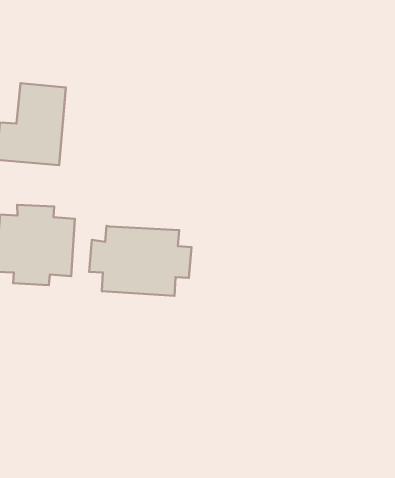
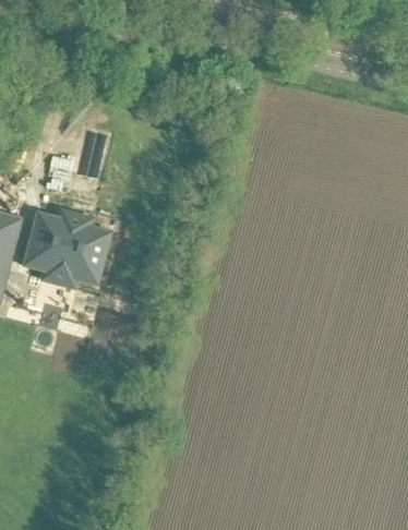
building: [89,226,191,296] -> none

